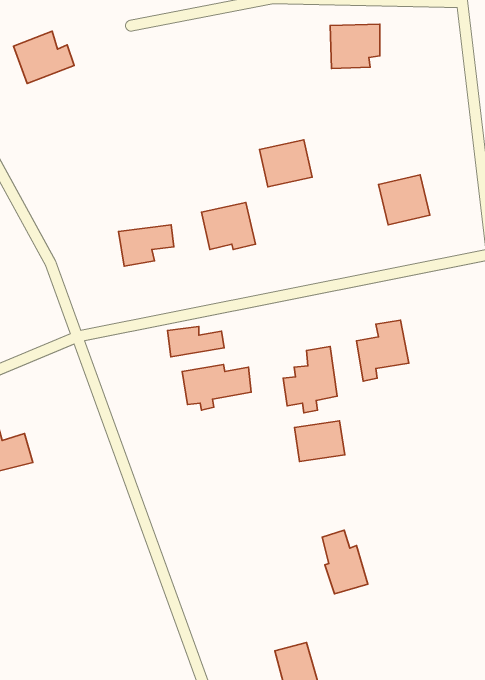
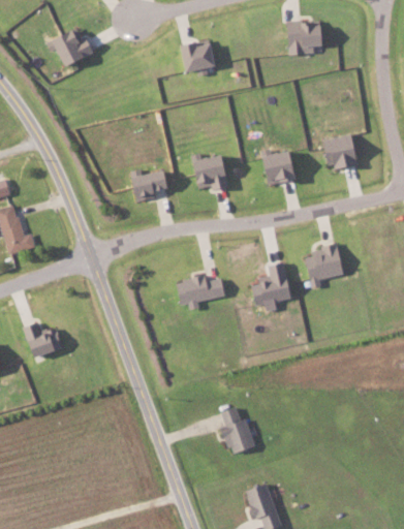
building: none -> [177,41,212,72]
building: [260,140,312,187] -> [257,151,297,186]
building: [167,326,224,357] -> none
building: [294,421,345,461] -> none
building: [322,530,368,594] -> [220,407,254,455]

